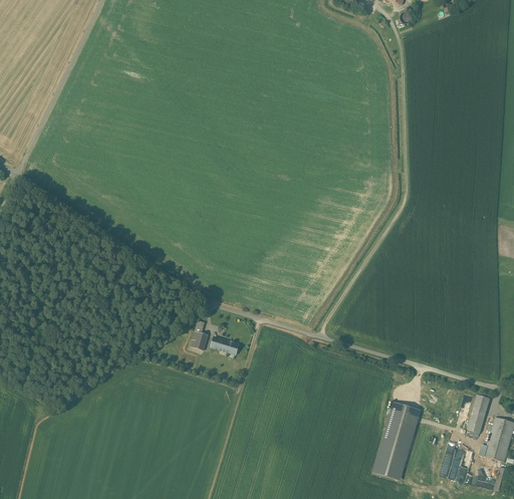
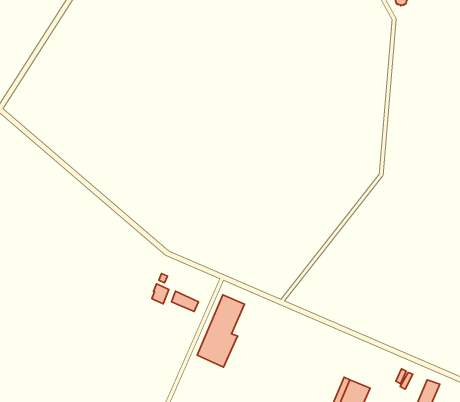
building: none -> [197,295,244,367]

